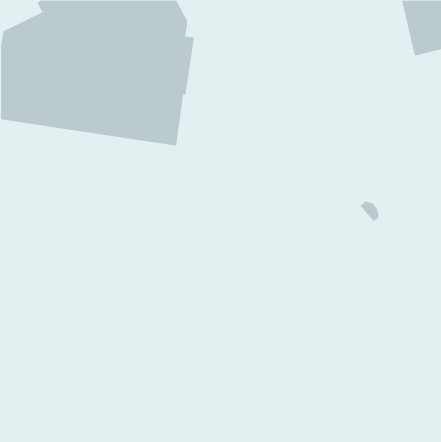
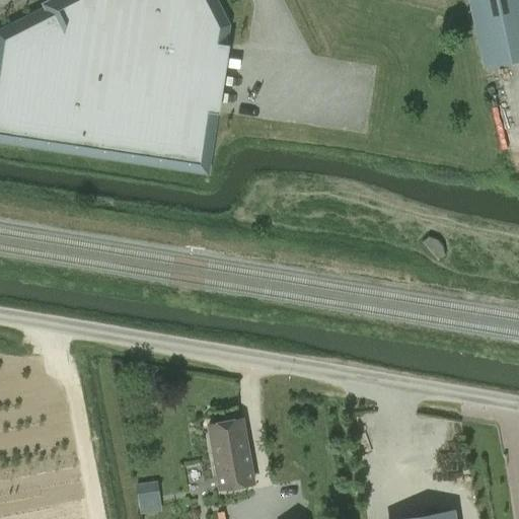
building: none -> [210,419,254,489]
building: none -> [138,481,162,513]

